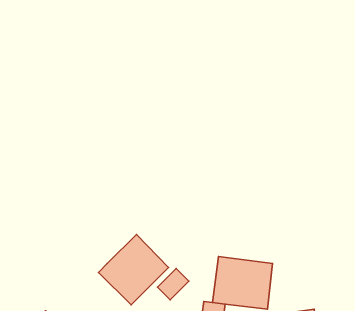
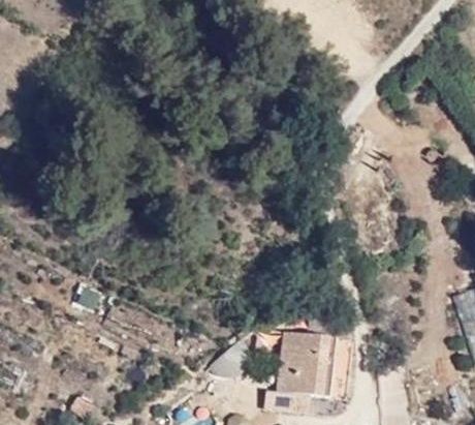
building: [98,235,168,305] -> none

